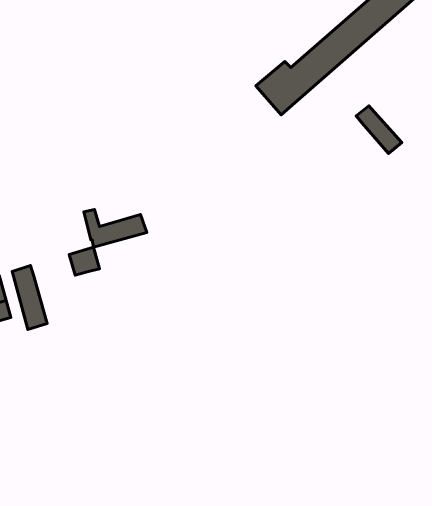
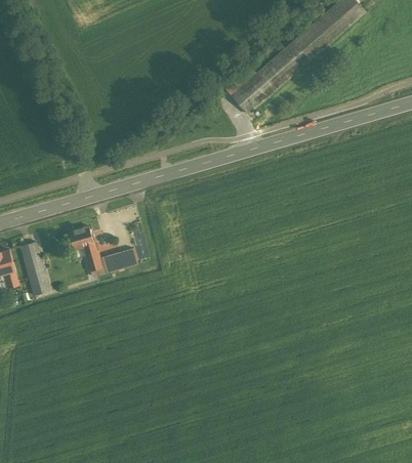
building: [356,106,402,153] -> none
building: [84,210,147,247] -> [83,244,136,276]

